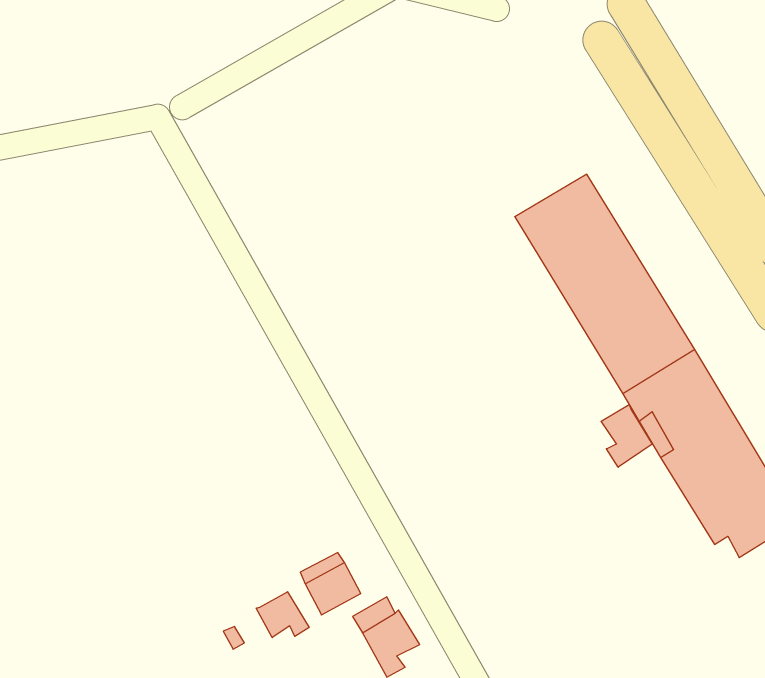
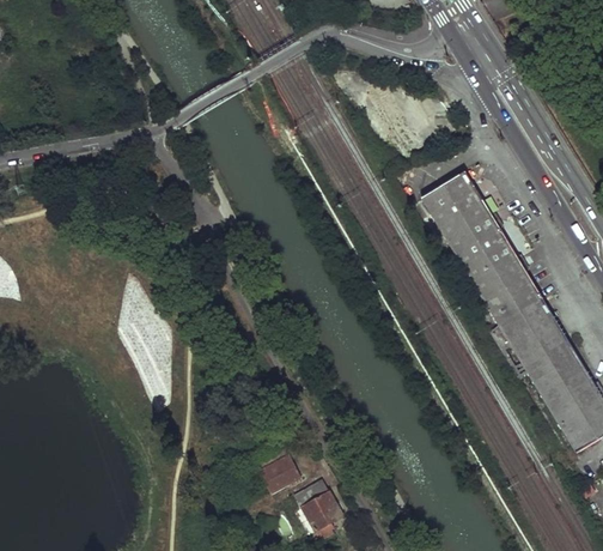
building: [601,405,652,467] -> none
building: [256,592,309,638] -> none

